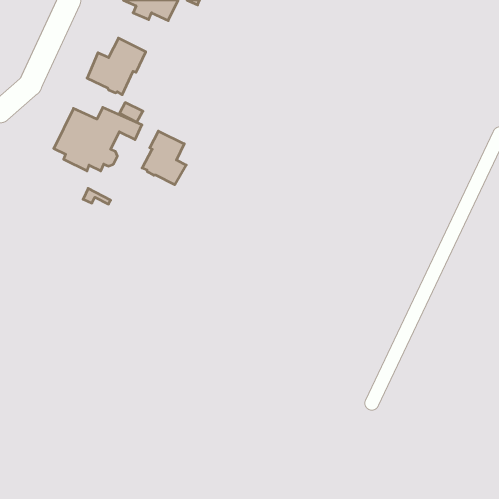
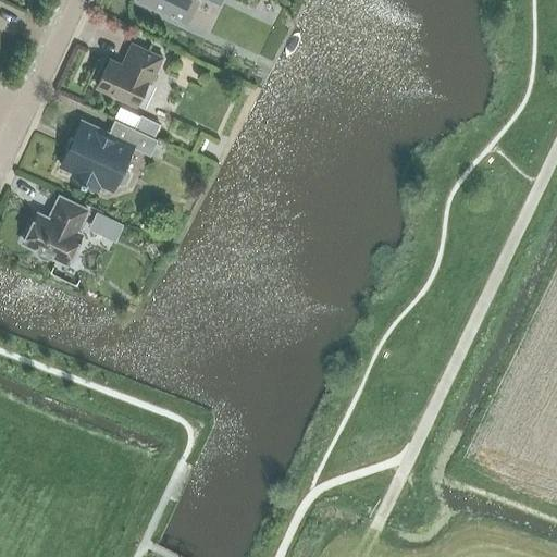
building: [142,131,186,185] -> none
building: none -> [25,197,88,262]

